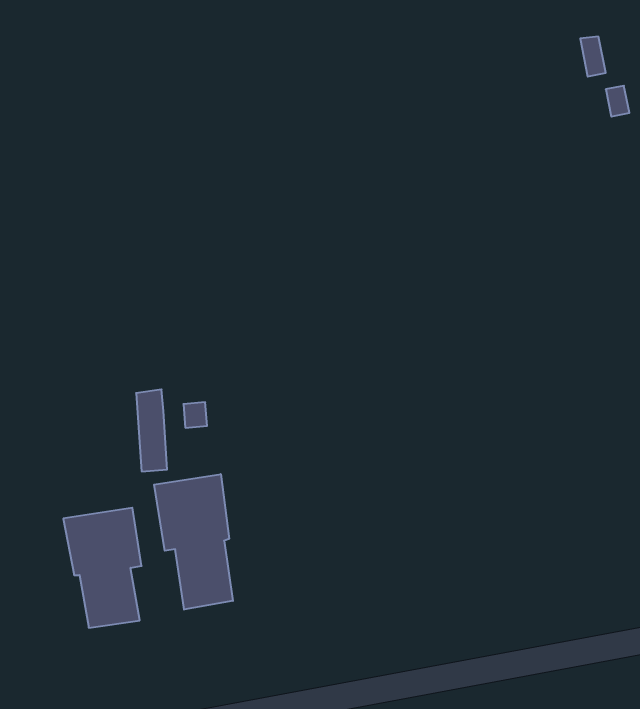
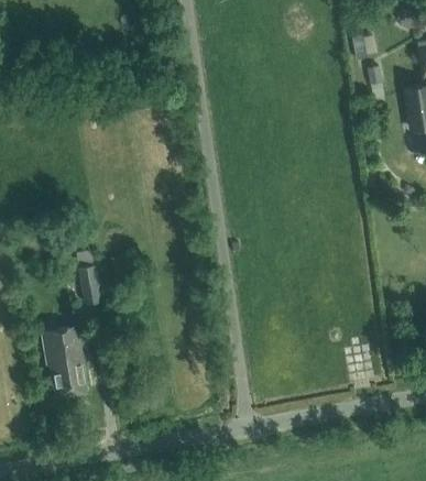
building: [154,474,233,610] -> none

